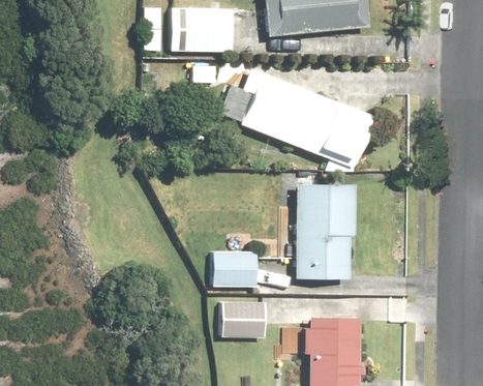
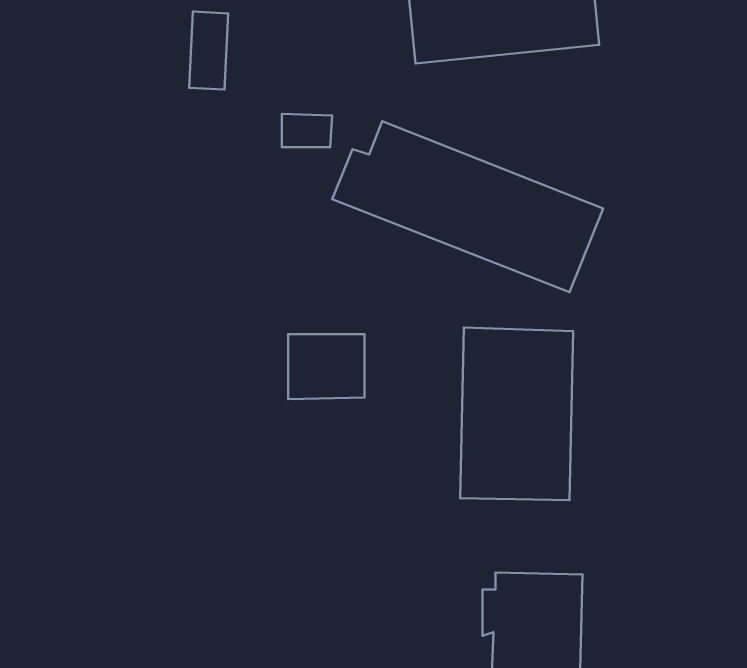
building: [170,7,233,50] -> none
building: [213,249,255,286] -> [288,334,364,399]
building: [221,300,266,338] -> none

